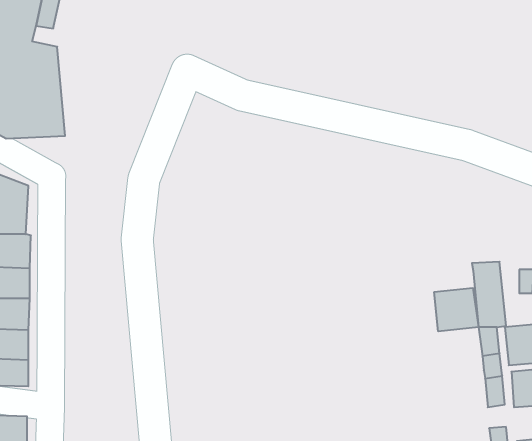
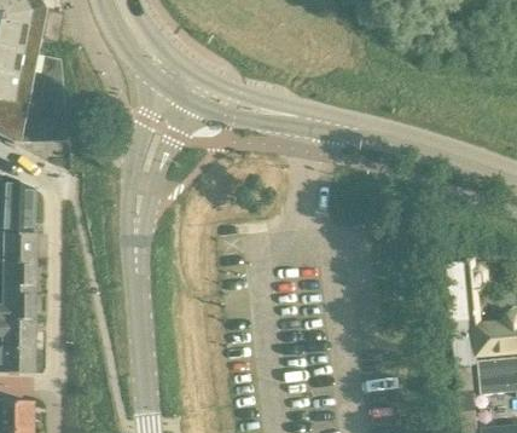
building: [434,288,479,331] -> none

